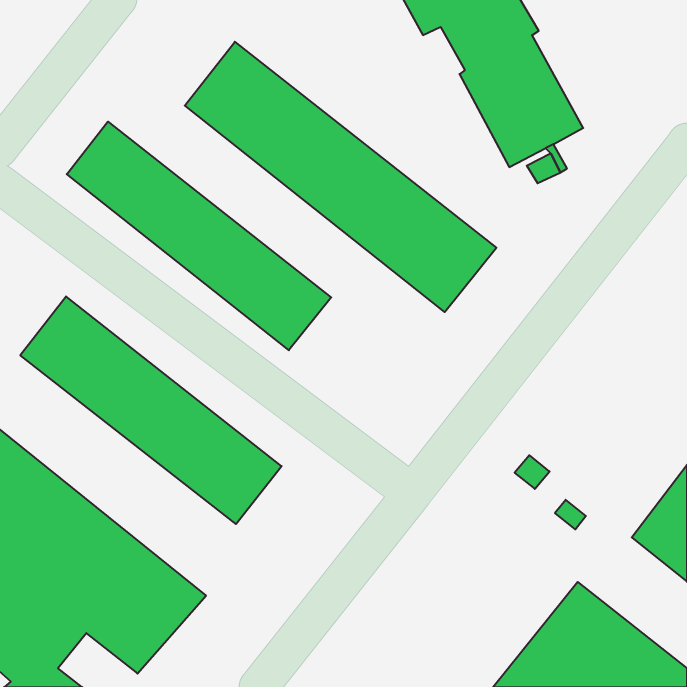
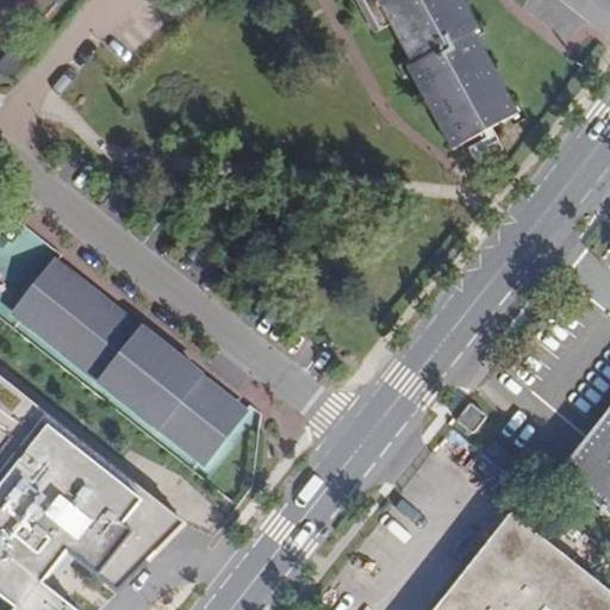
building: [185,42,496,312] -> none
building: [67,122,331,350] -> none

